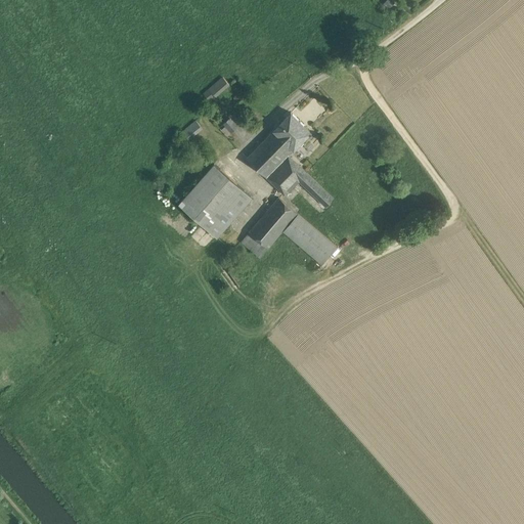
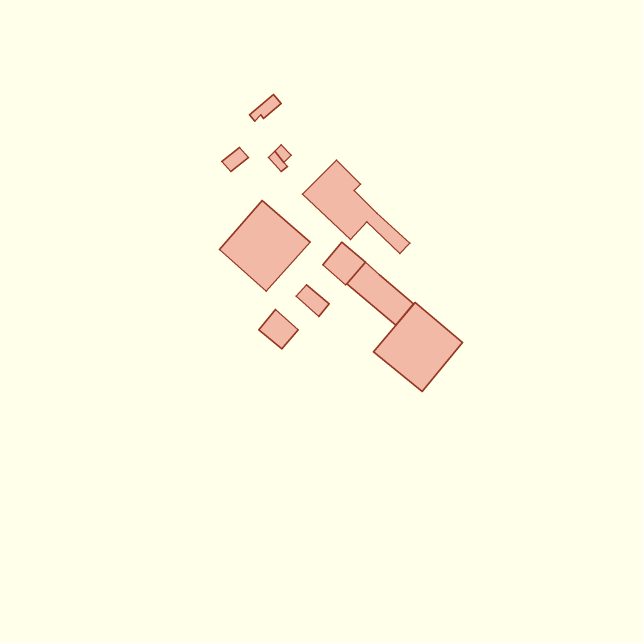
building: [272,113,310,150] -> none
building: [249,216,280,248] -> [259,310,298,349]
building: none -> [373,302,463,392]

